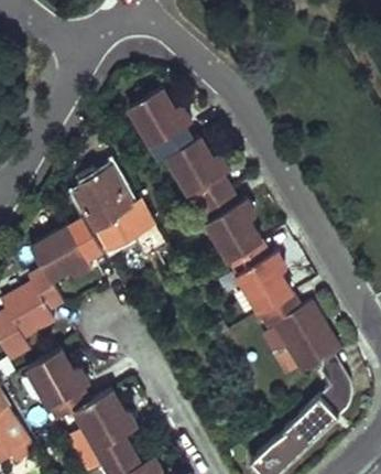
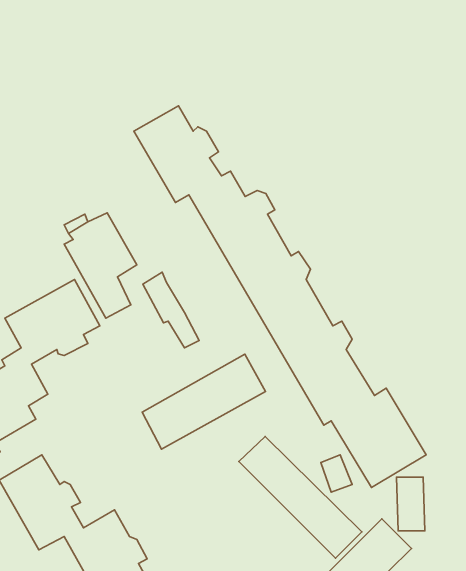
building: none -> [142,354,266,449]
building: none -> [239,437,362,558]

